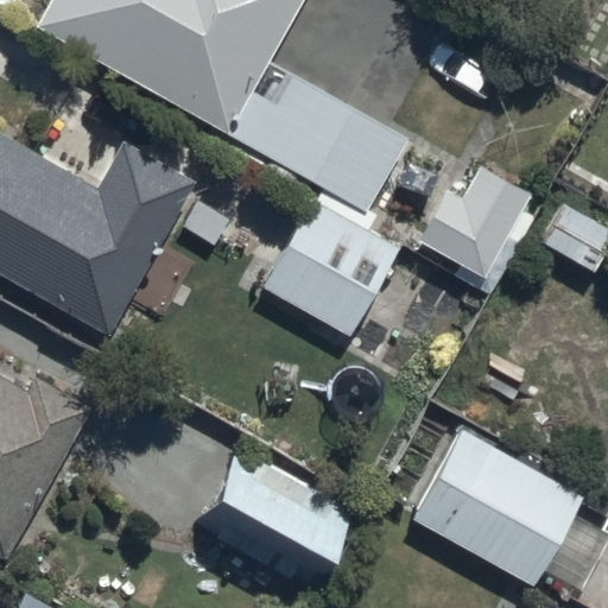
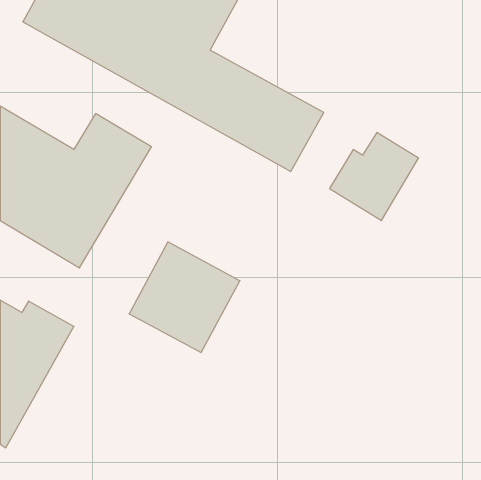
building: [259,198,398,337] -> [129,242,240,353]
building: [406,425,585,585] -> none
building: [203,452,357,594] -> none

